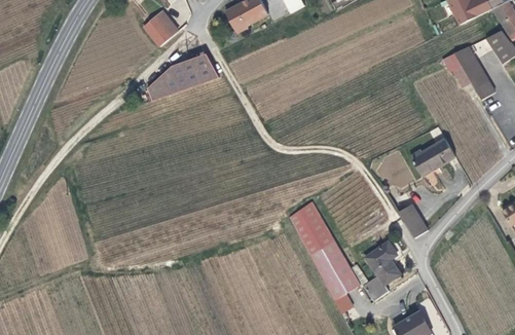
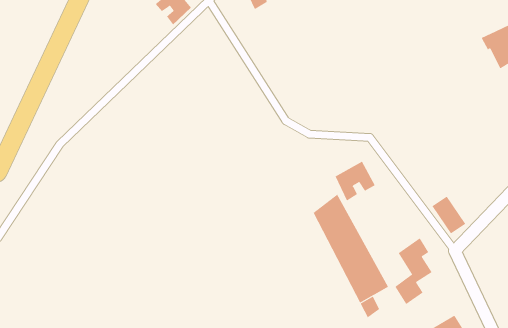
building: [146,52,219,100] -> none
building: [406,140,452,178] -> none
building: none -> [335,161,376,201]

